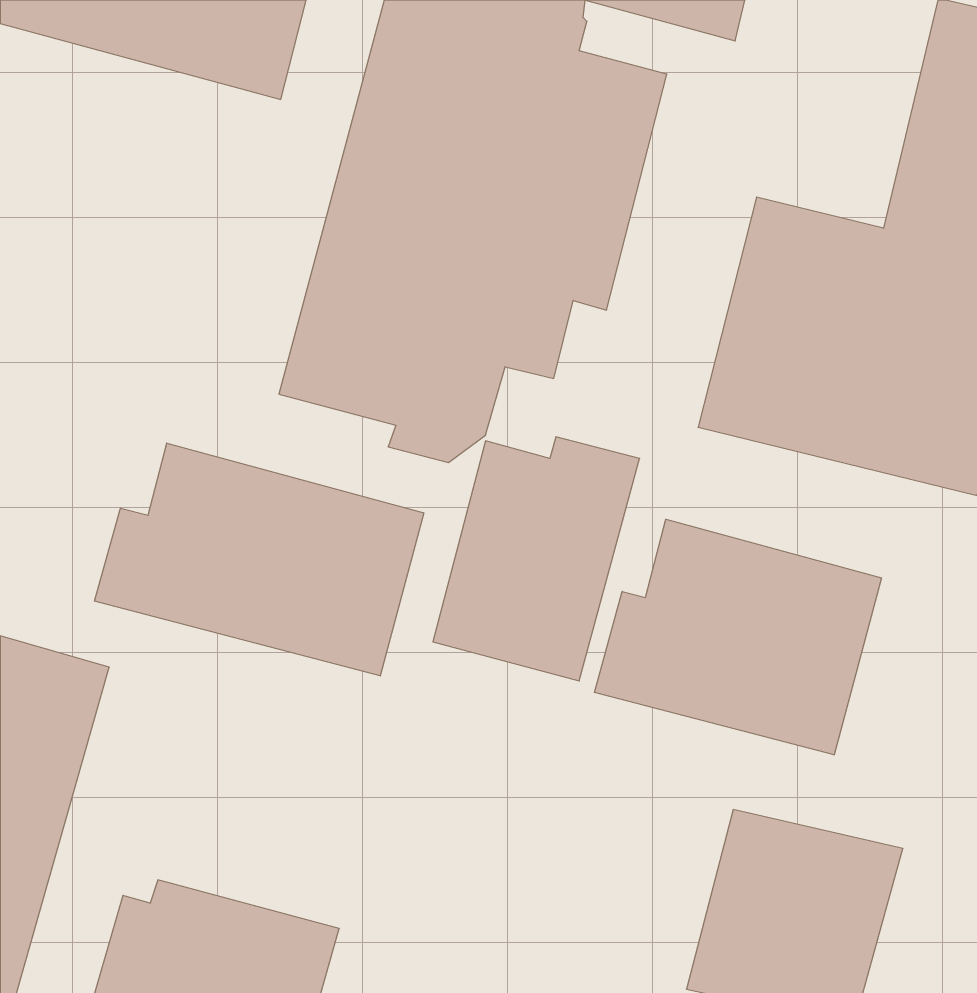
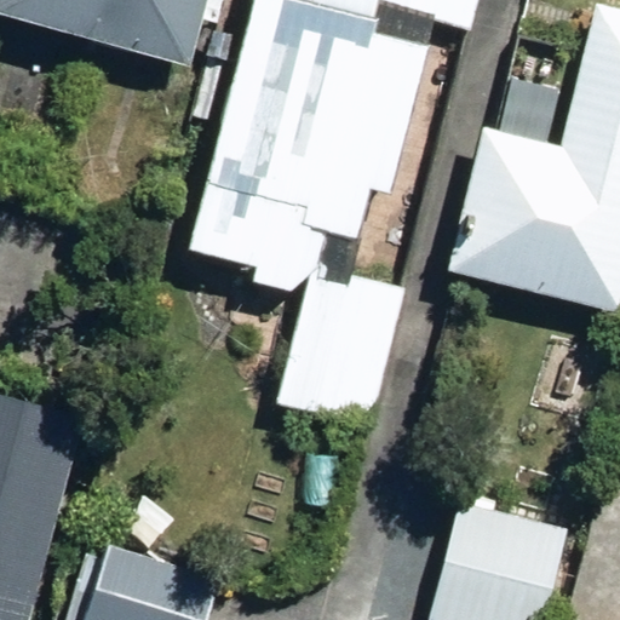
building: [95,443,424,676] -> none
building: [594,519,881,755] -> none

